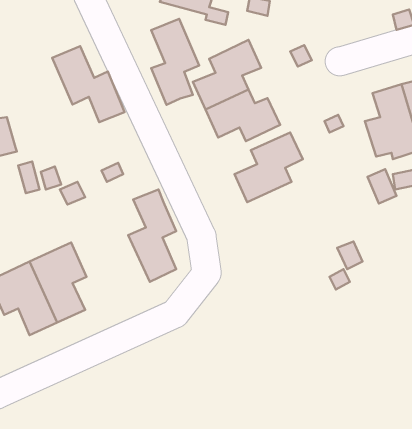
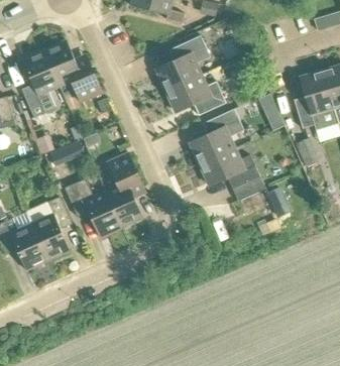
building: [151,19,199,105] -> [21,48,60,117]
building: none -> [199,147,264,200]
building: none -> [64,181,121,236]

